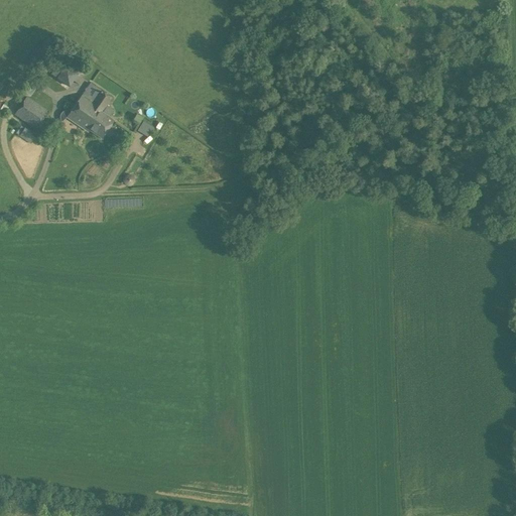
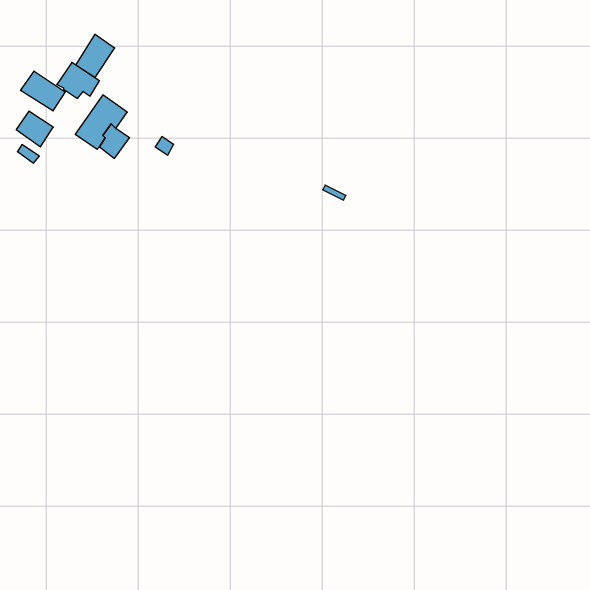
building: none -> [76,34,115,77]
building: none -> [21,71,65,111]

